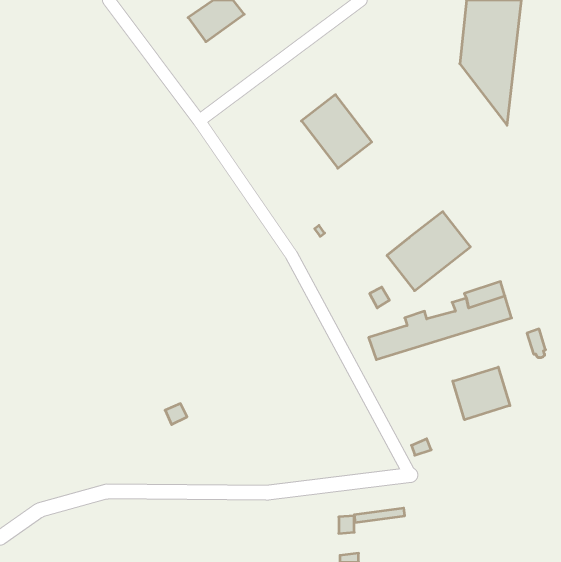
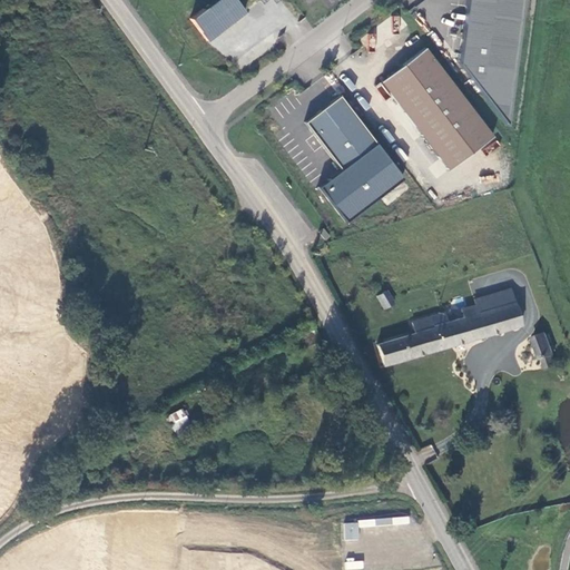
building: none -> [380,45,491,167]
building: [387,212,470,291] -> [321,144,405,224]
building: [453,367,510,420] -> none

